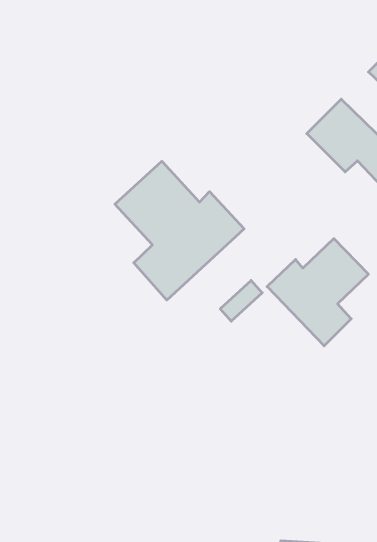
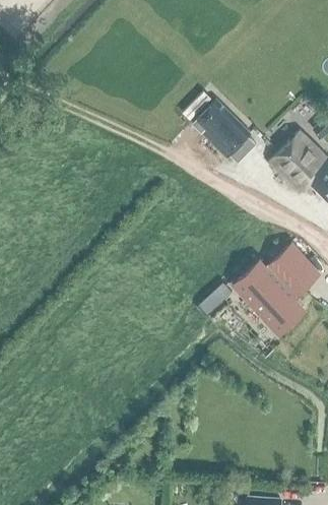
building: none -> [191,99,250,157]
building: [115,161,244,300] -> none

